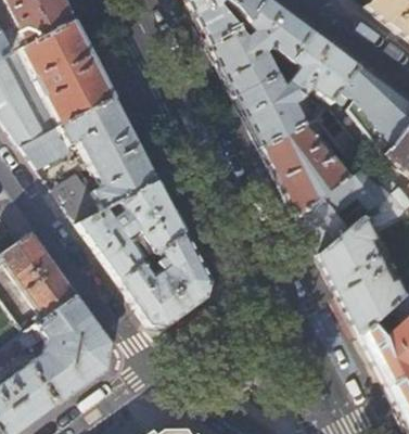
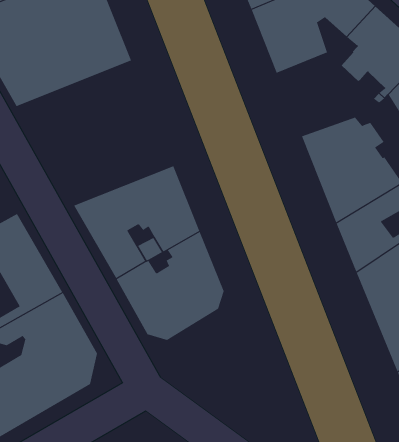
building: [235,66,310,146] -> none
building: [23,98,158,222] -> none

